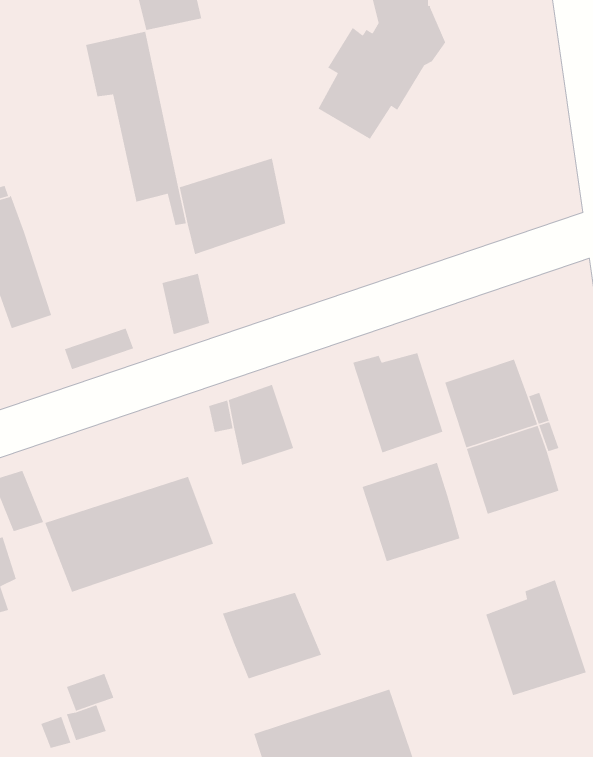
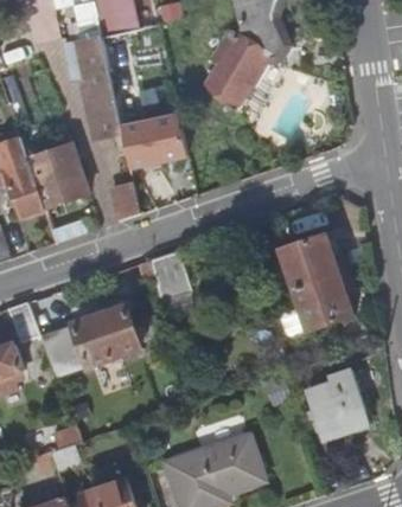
building: none -> [26,143,87,208]
building: [352,352,444,454] -> none
building: [361,462,461,562] -> none
building: [222,592,322,680] -> none

